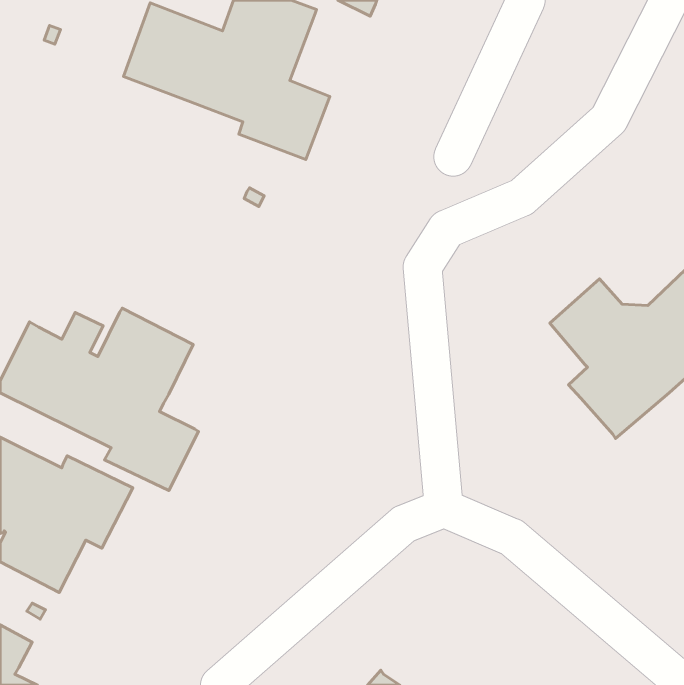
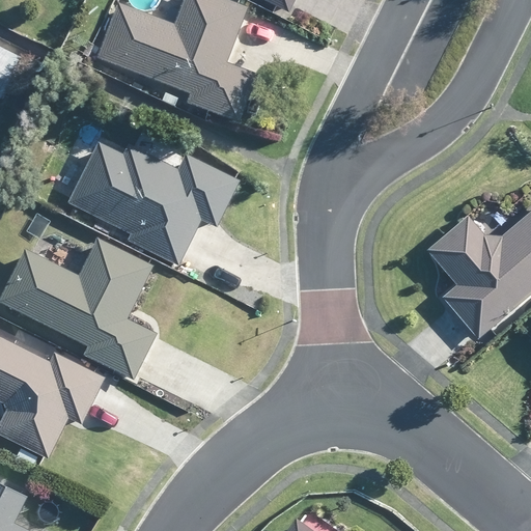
building: none -> [67,142,237,266]

